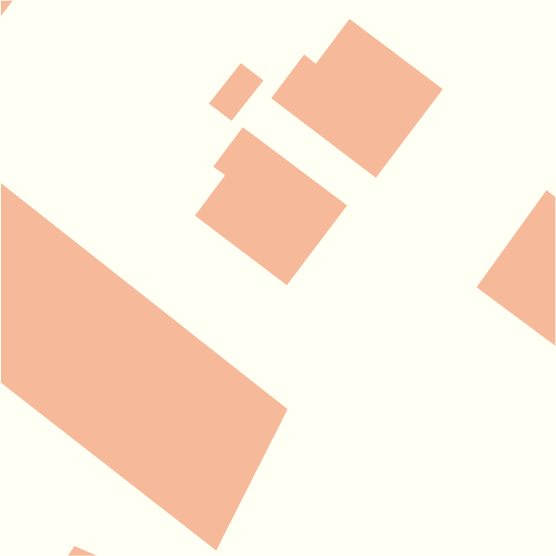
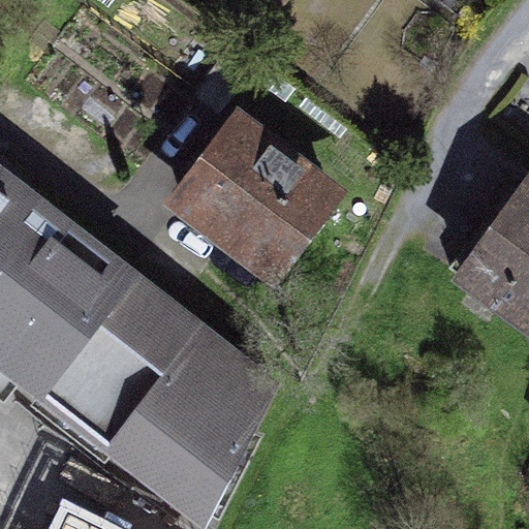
building: [270,18,444,179] -> none

